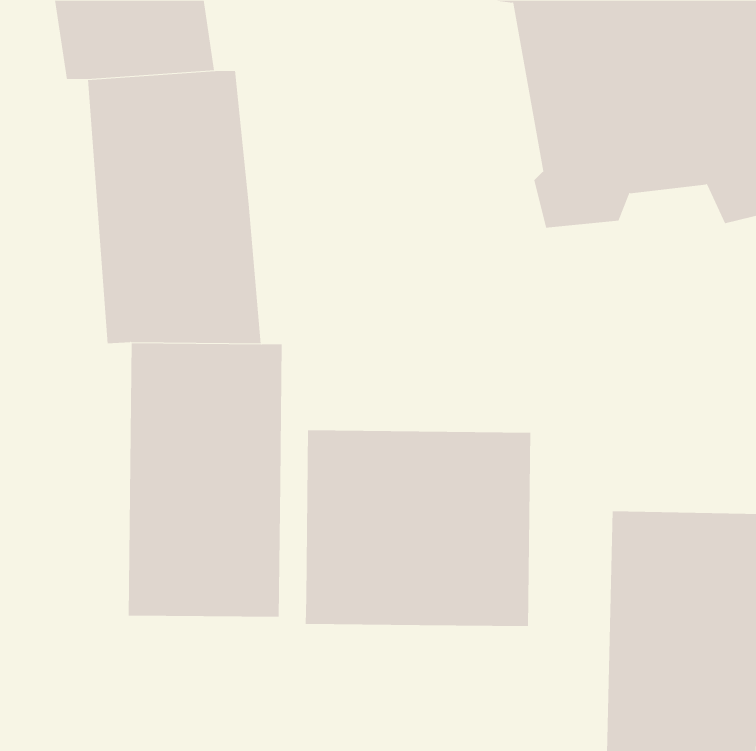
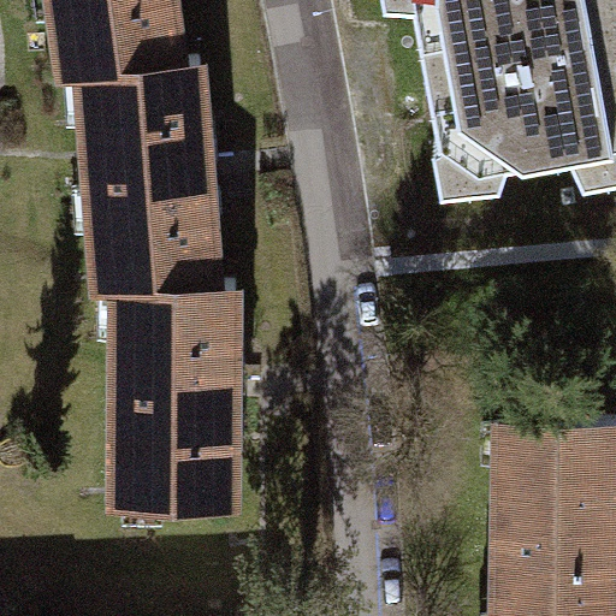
building: [305,430,531,627] -> none

